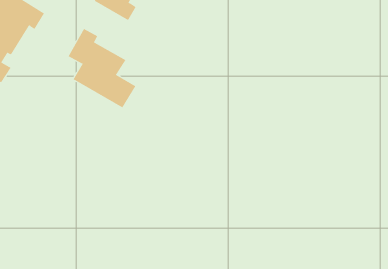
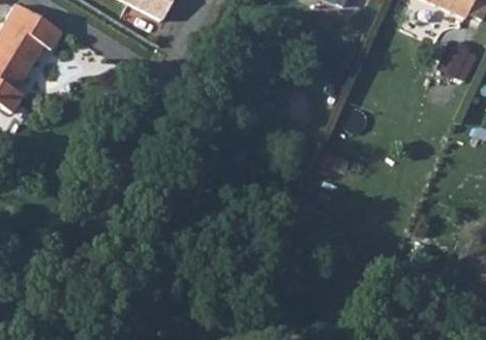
building: [68,28,136,108] -> none

